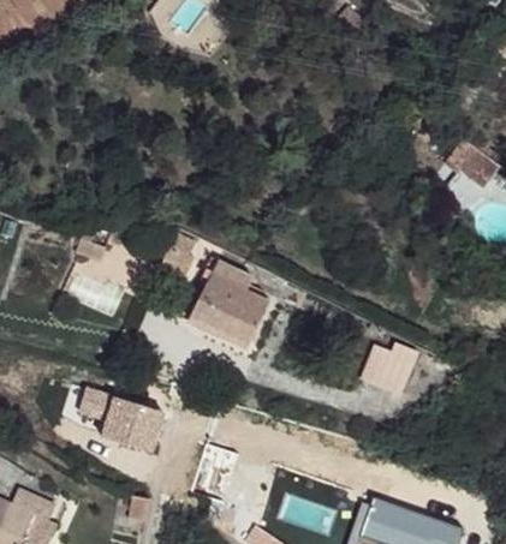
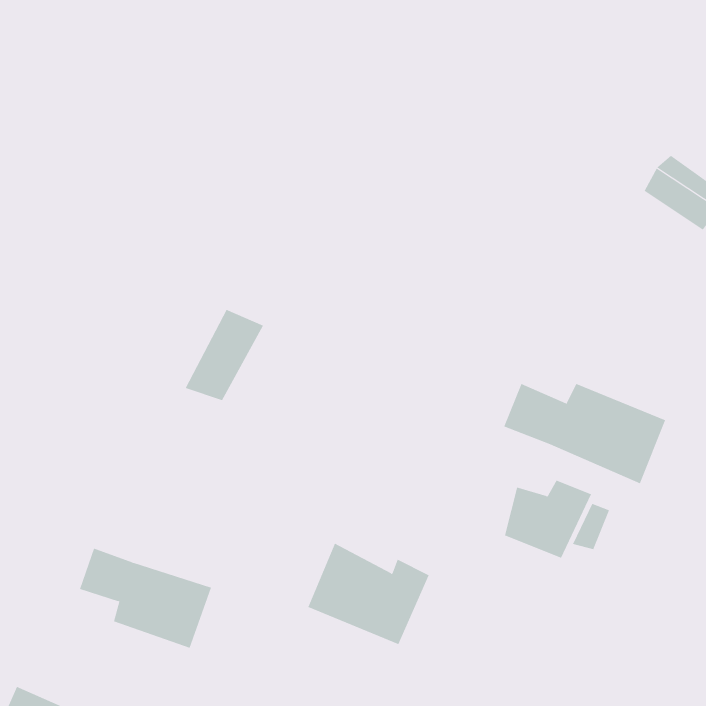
building: none -> [504,383,666,484]
building: [195,281,276,349] -> [307,543,429,645]

